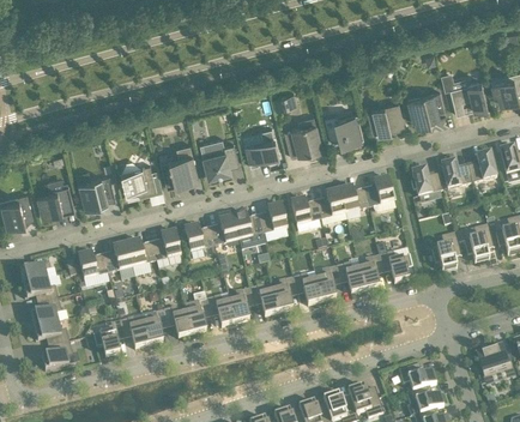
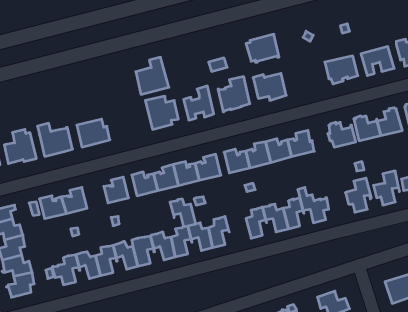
building: [367,98,405,131] -> [246,34,279,62]
building: [161,141,199,185] -> [136,57,169,94]
building: [127,237,157,265] -> none
building: [292,271,322,303] -> [170,199,196,227]

